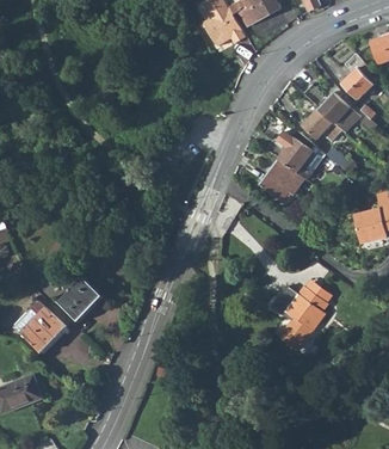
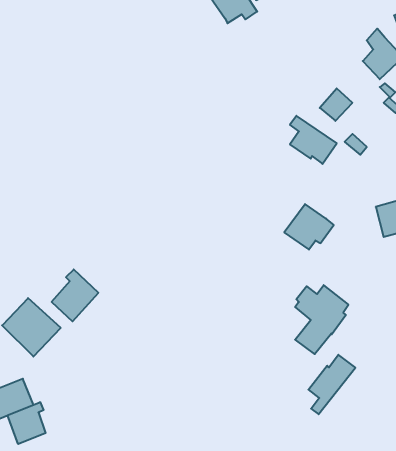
building: [304,88,358,131] -> none
building: [257,159,302,201] -> [284,204,334,250]
building: none -> [308,355,355,414]
building: none -> [7,402,46,444]

